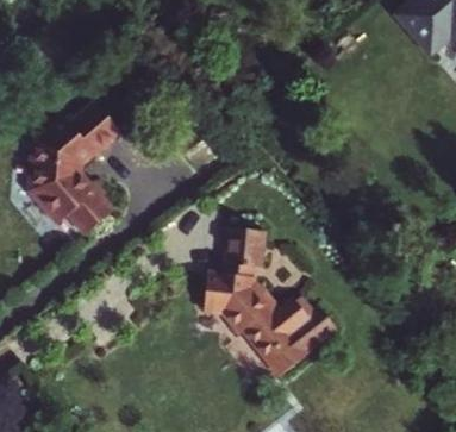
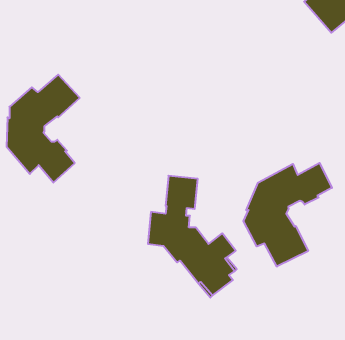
building: none -> [243,163,332,267]

